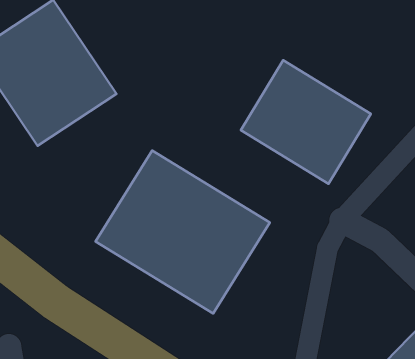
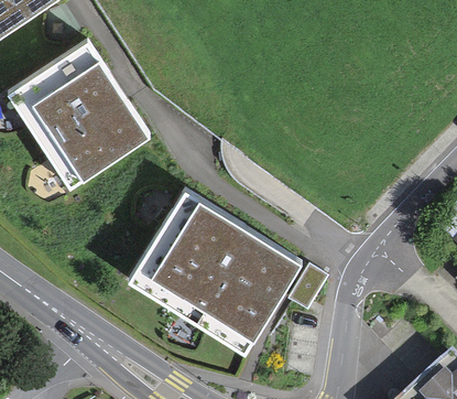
building: [241,60,371,184] -> none

